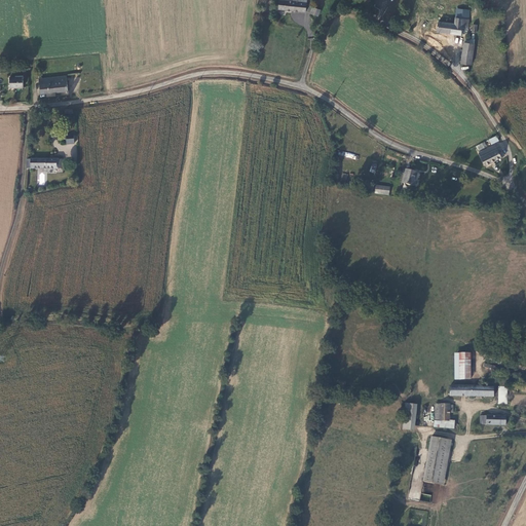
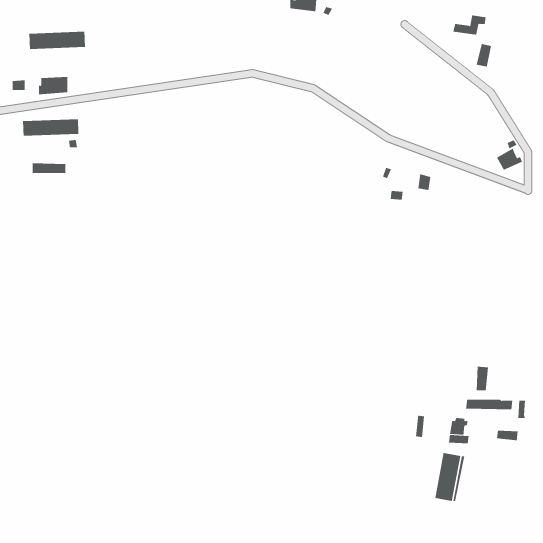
building: none -> [29,31,85,50]
building: none -> [23,118,79,137]

